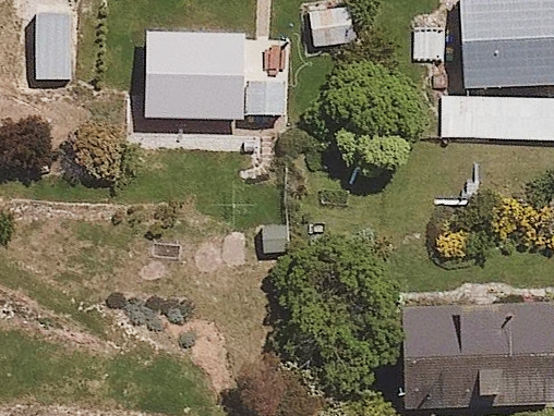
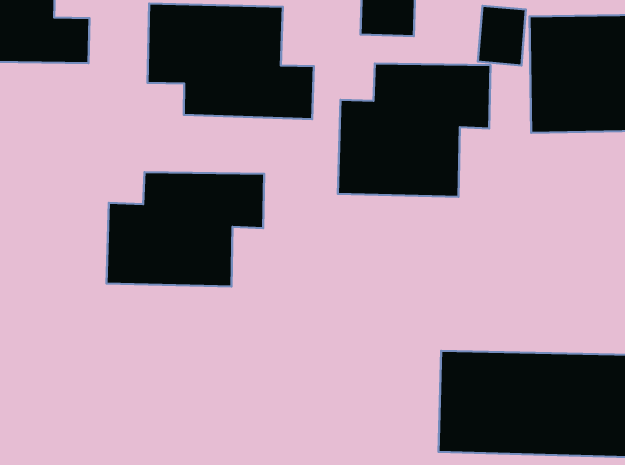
building: none -> [338,64,491,197]
building: none -> [107,172,264,287]

